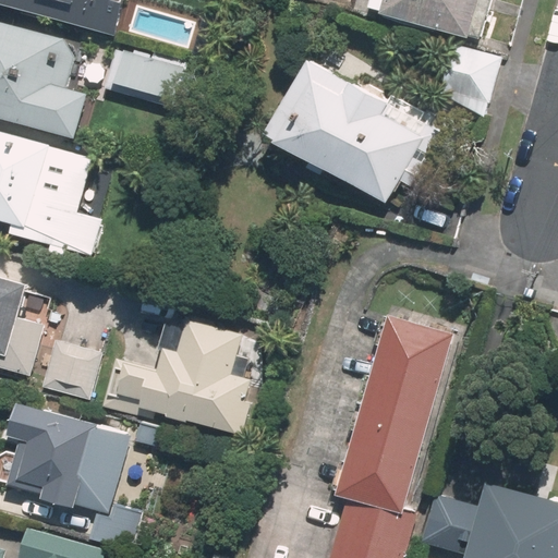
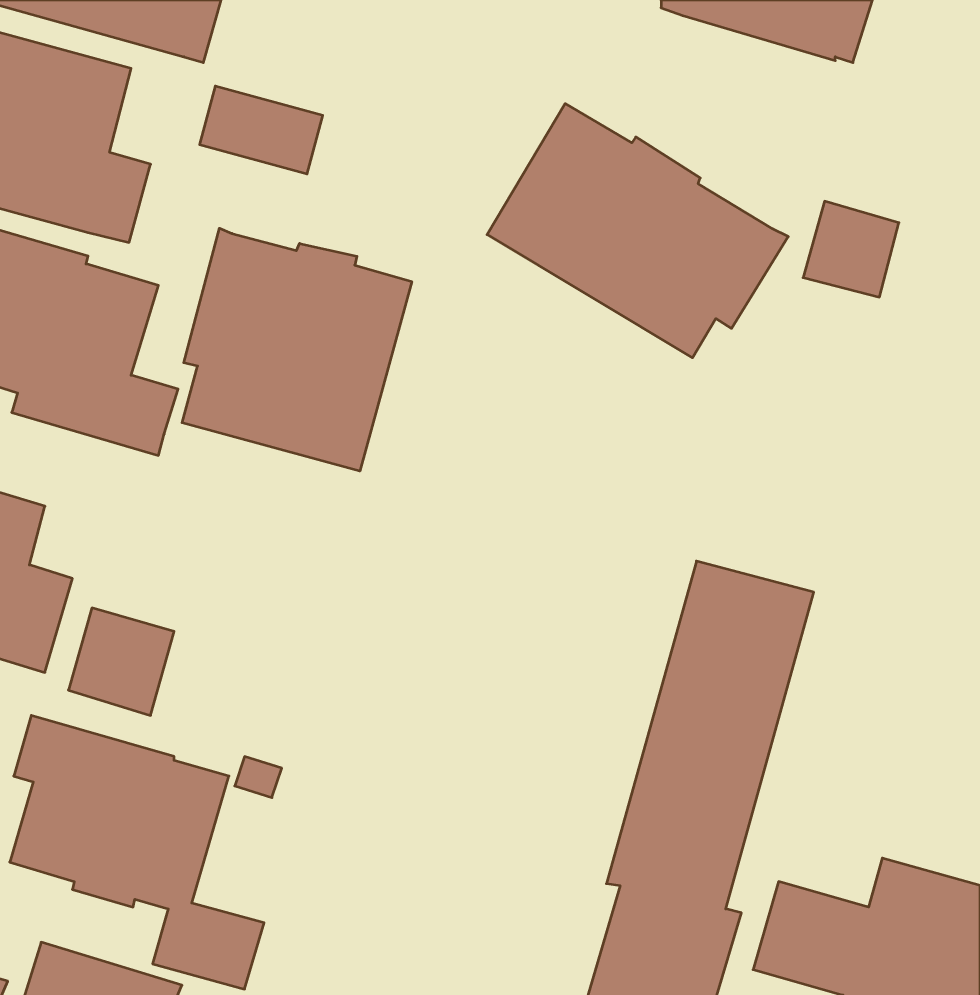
building: [440,47,494,100] -> [803,201,899,297]
building: none -> [182,228,412,471]
building: [97,318,247,434] -> none

